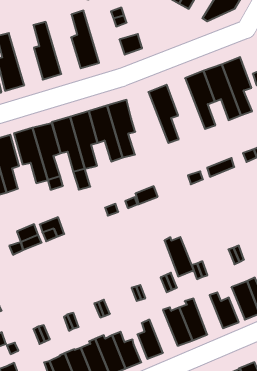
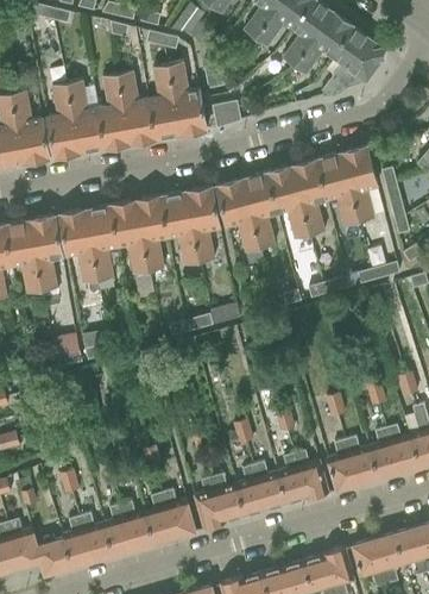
building: none -> [168,62,206,135]
building: none -> [116,70,156,144]
building: none -> [67,81,105,154]
building: none -> [266,167,310,240]
building: none -> [216,180,263,264]
building: [164,237,194,276] -> [272,452,307,505]
building: none -> [212,474,245,523]

